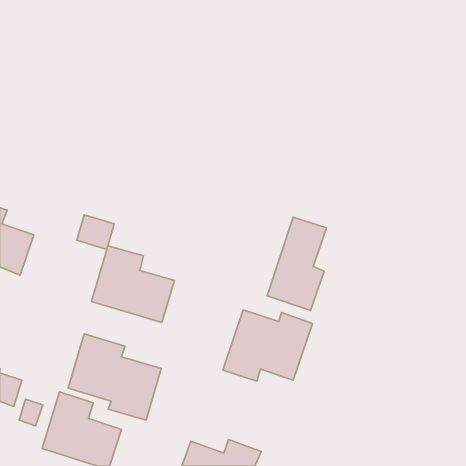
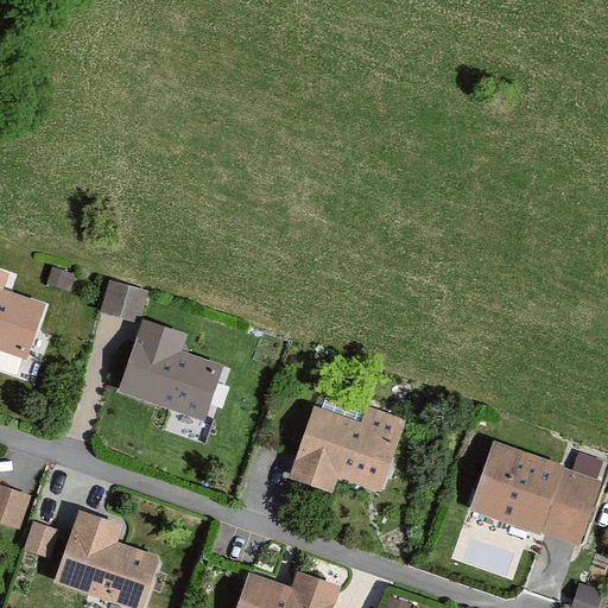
building: [267,217,326,311] -> none
building: [68,334,161,420] -> none
building: none -> [470,445,598,543]

